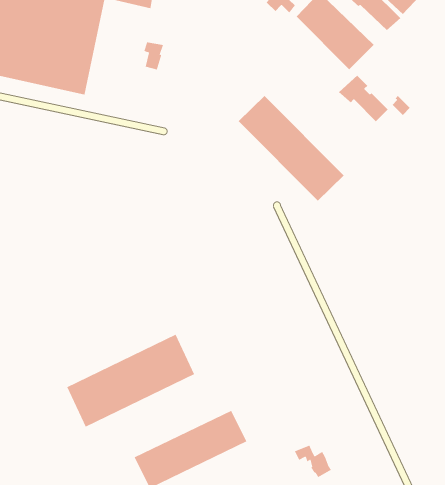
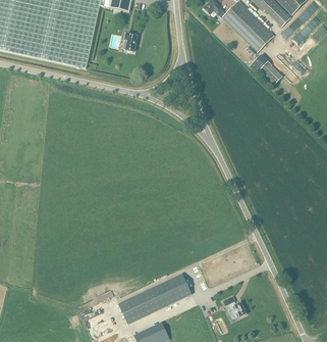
building: [238,95,345,201] -> none
building: [66,334,195,427] -> none

